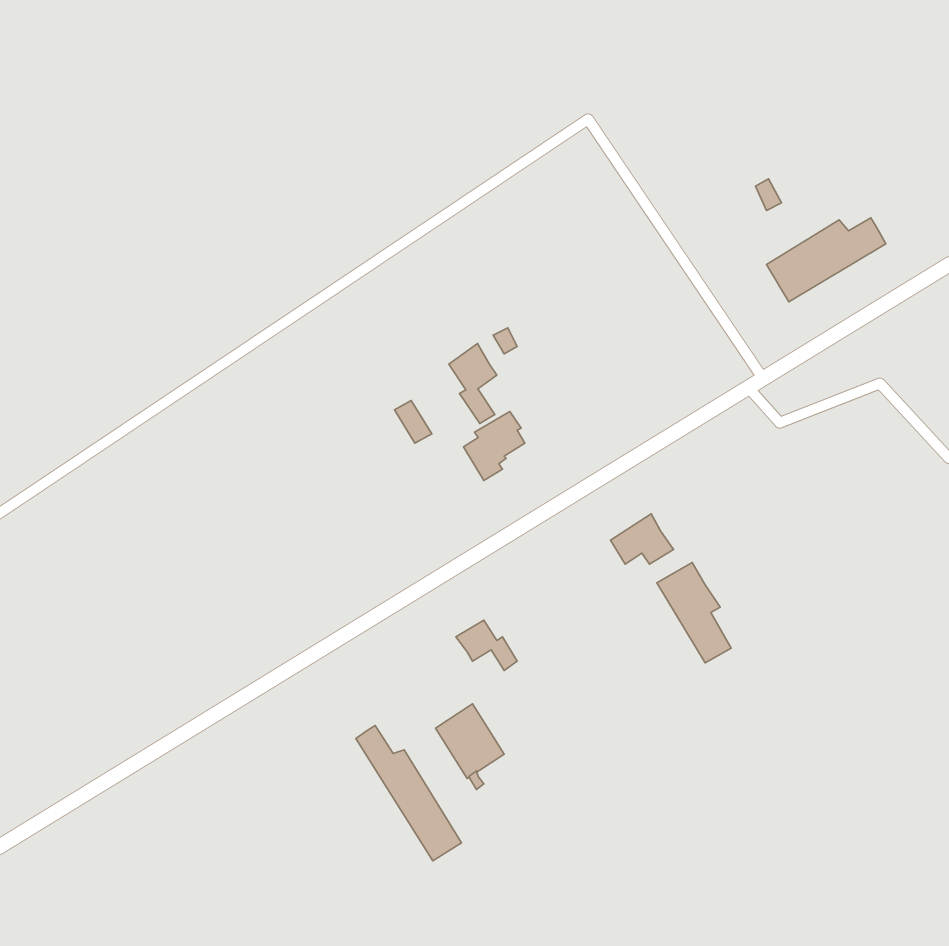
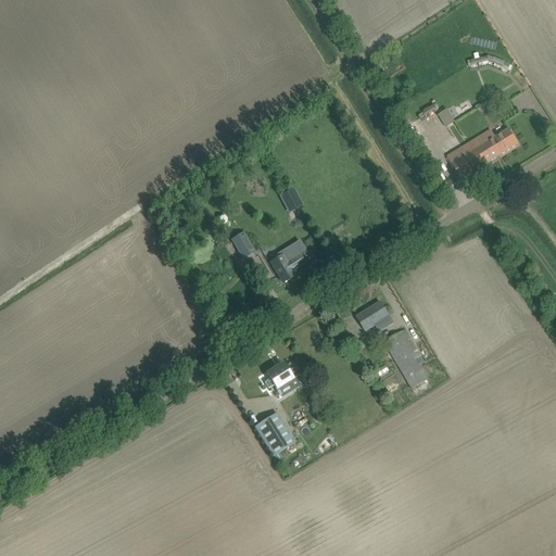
building: [449,343,497,423] -> none
building: [356,725,462,861] -> none

